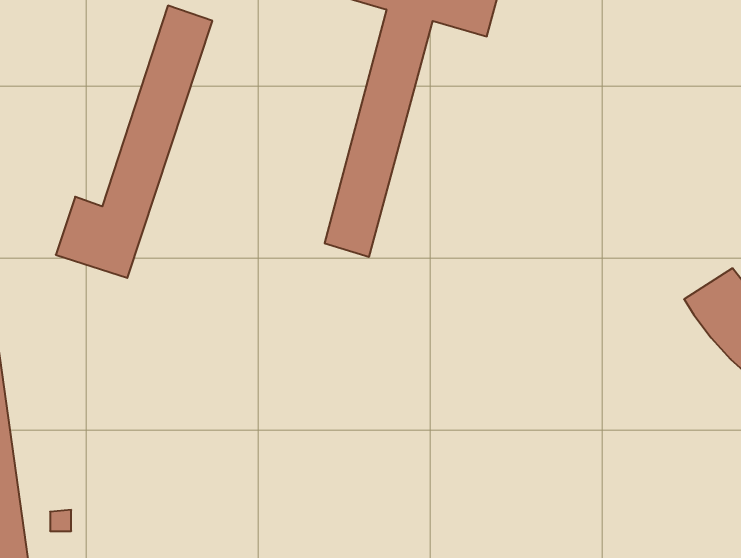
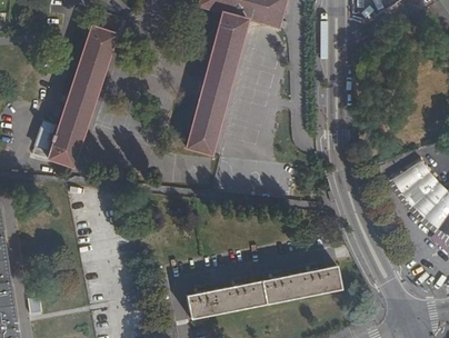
building: none -> [187,264,342,318]

